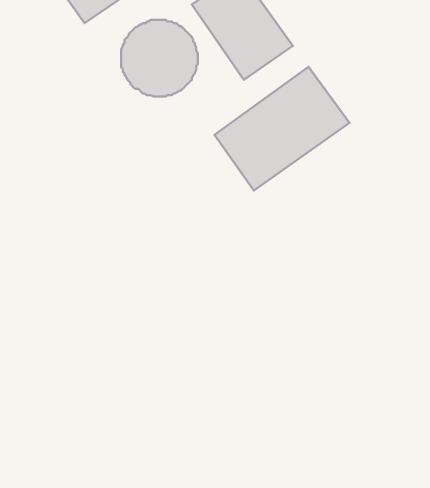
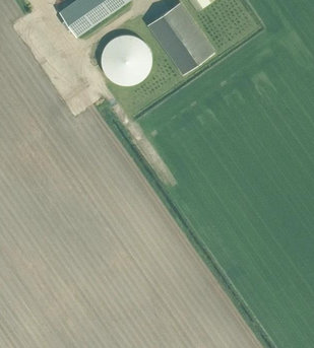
building: [215,67,349,190] -> none

